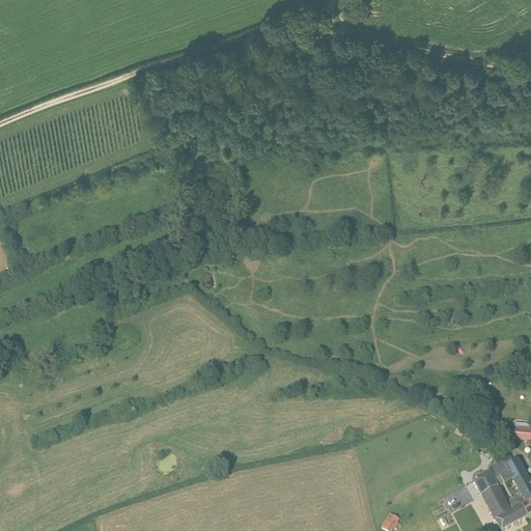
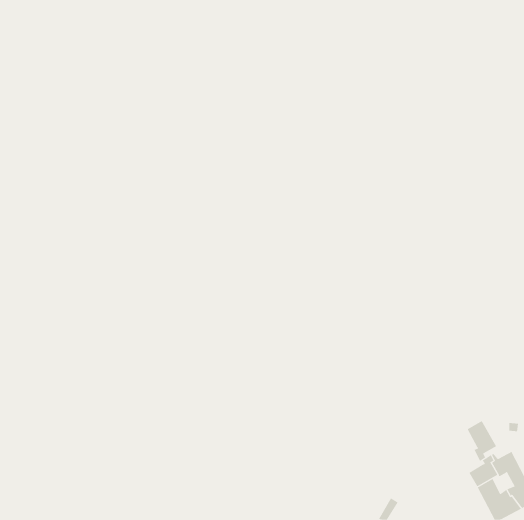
building: none -> [467,420,497,462]

